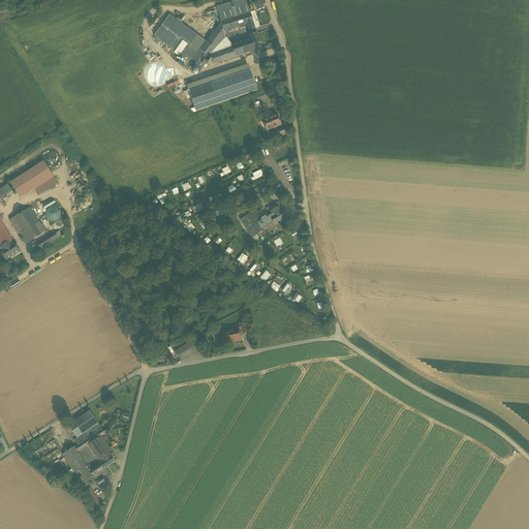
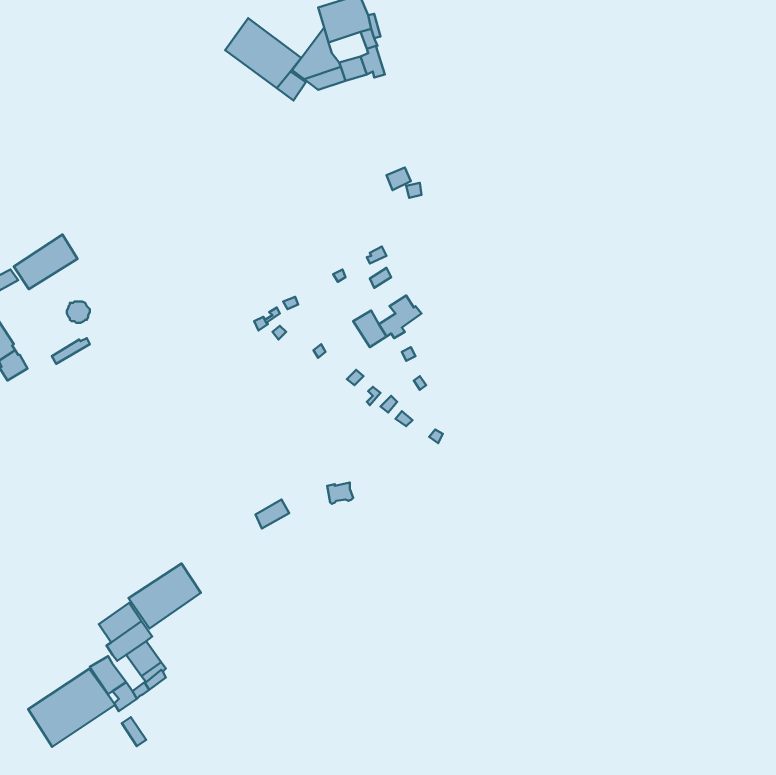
building: [187,63,255,108] -> none
building: [9,205,44,242] -> none
building: none -> [129,564,201,628]
building: none -> [28,669,115,747]

